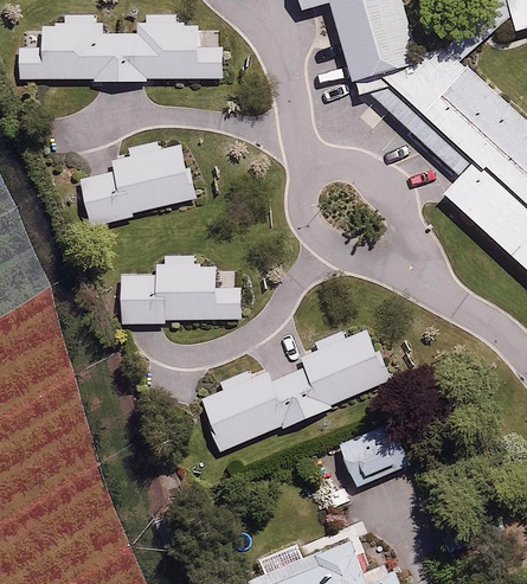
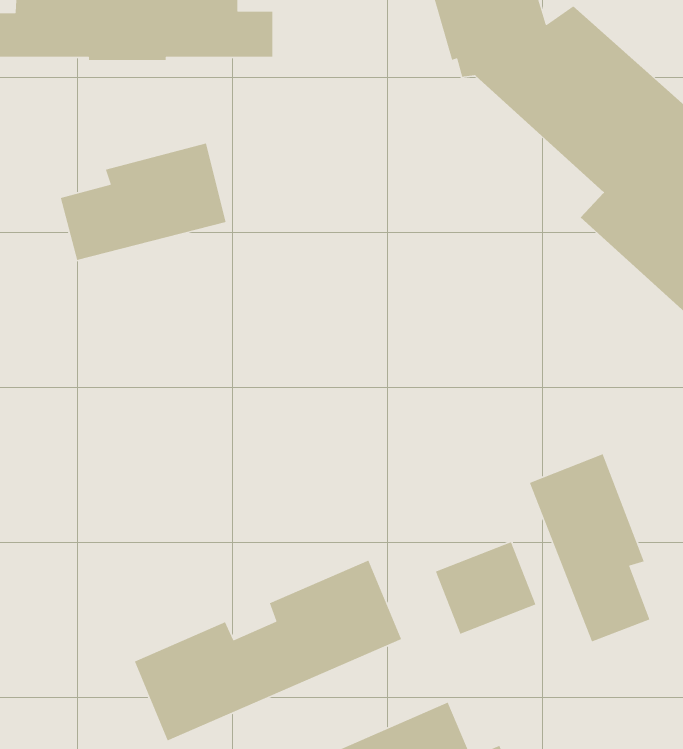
building: [121,255,243,325] -> none
building: [198,325,388,454] -> [134,560,402,741]
building: none -> [529,453,651,642]

